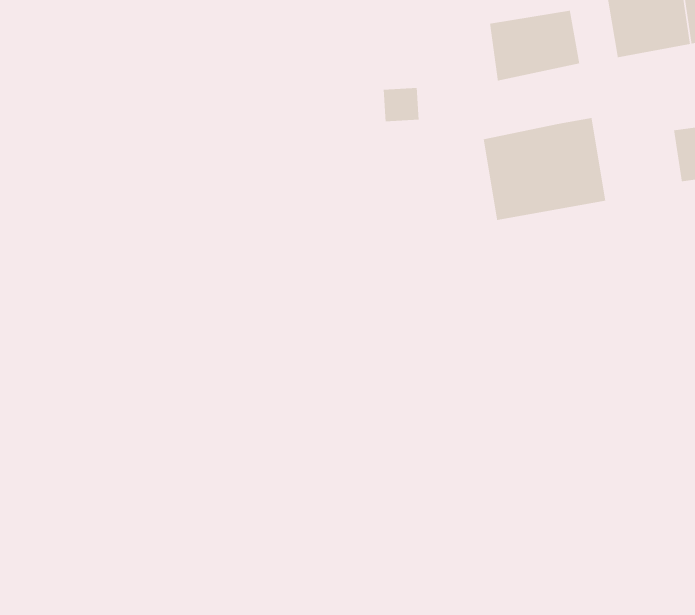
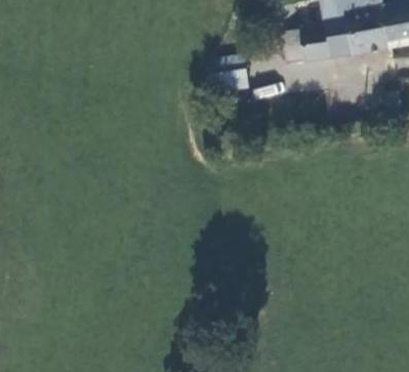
building: [483,117,606,221] -> none

